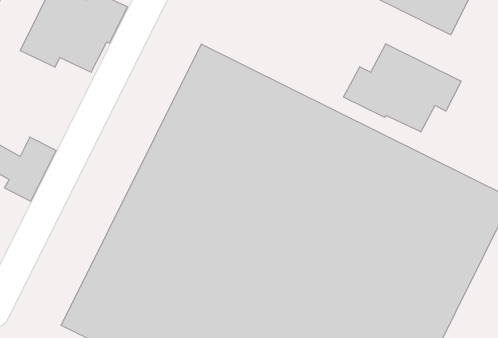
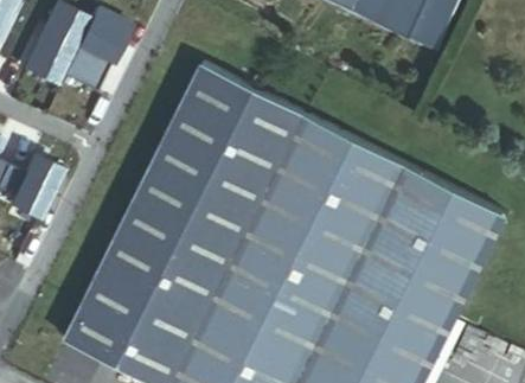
building: [344,44,461,132] -> none

